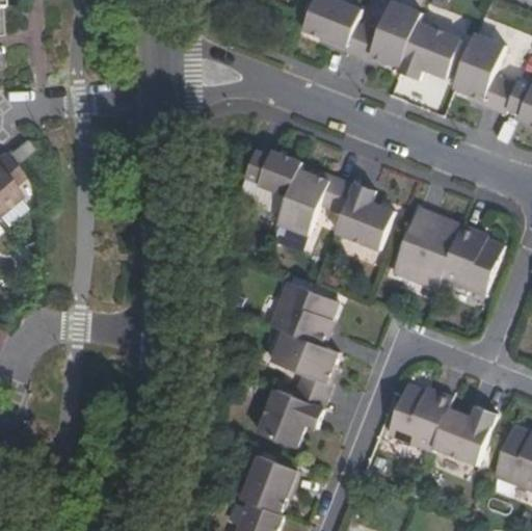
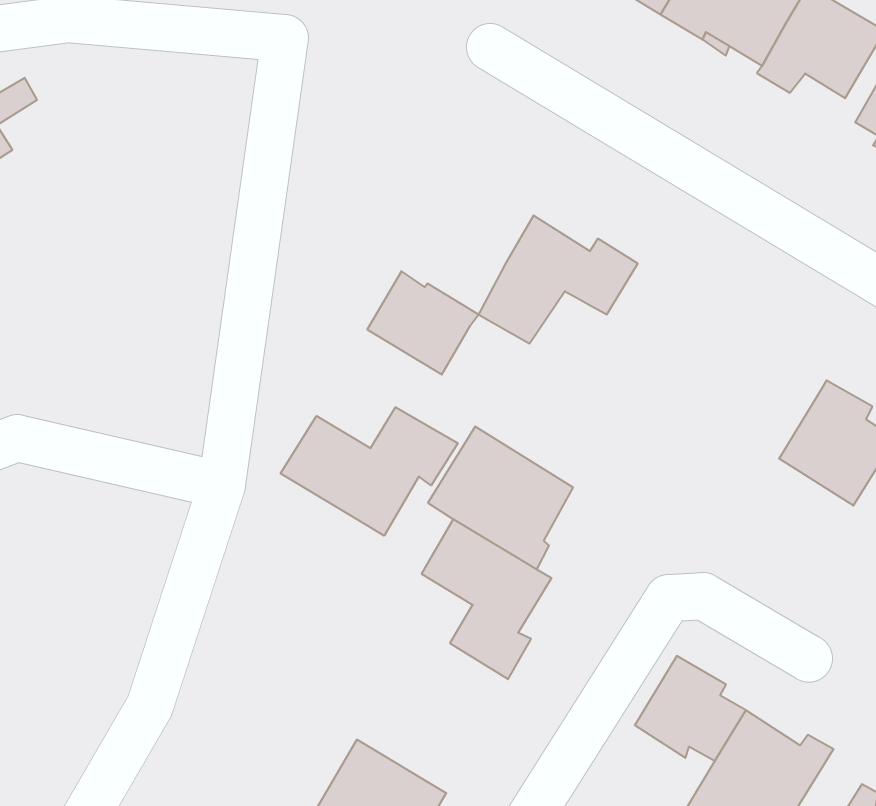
building: [242,143,298,193] -> [367,271,478,375]
building: [334,181,393,248] -> none
building: [393,207,459,290] -> none
building: none -> [281,407,458,536]
building: [256,387,323,448] -> none

